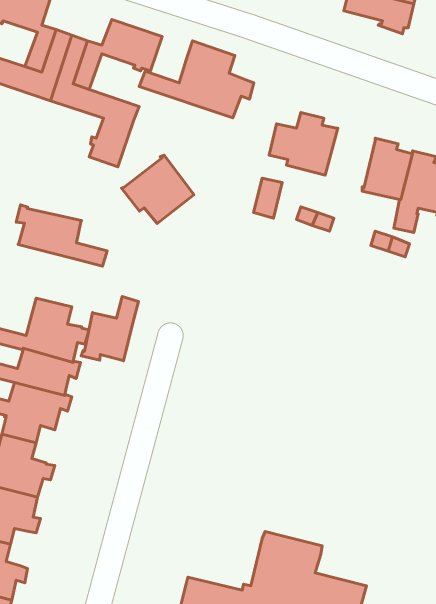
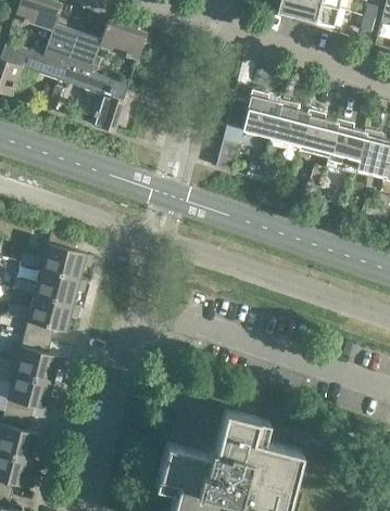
building: [139,41,254,118] -> none
building: none -> [271,100,309,148]
building: [121,155,194,224] -> none
building: [16,205,107,266] -> none
building: [81,297,139,361] -> none

